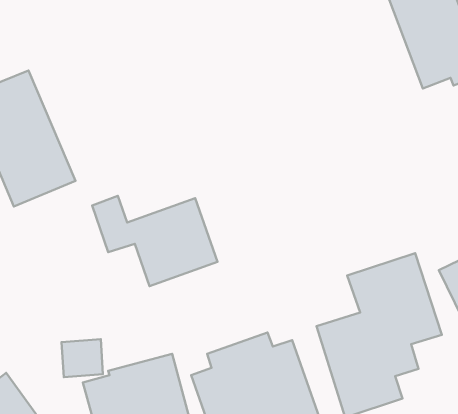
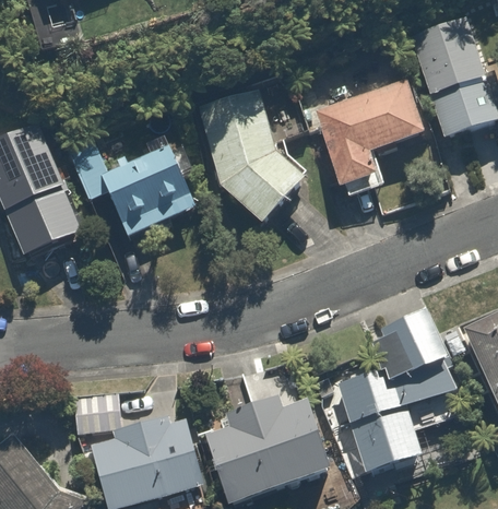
building: none -> [316,78,429,200]
building: none -> [195,82,315,237]
building: [92,196,218,286] -> [68,144,197,237]

